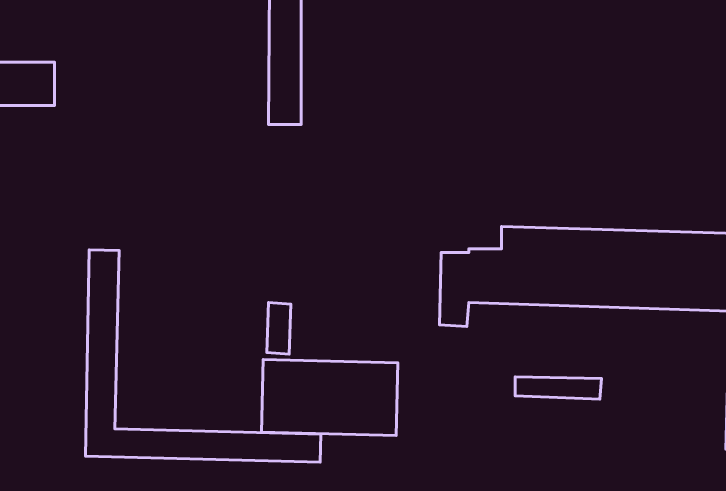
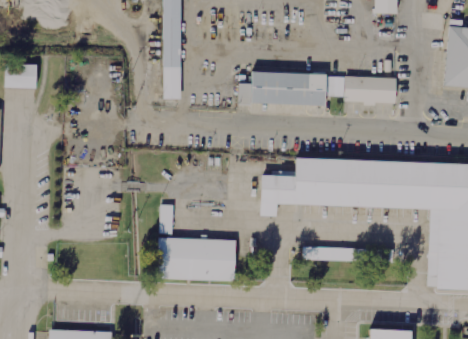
building: none -> [237,73,396,107]
building: [85,250,321,462] -> none

